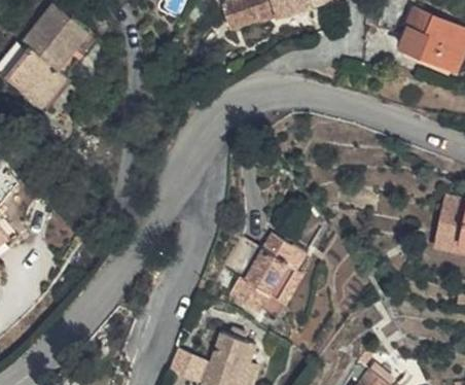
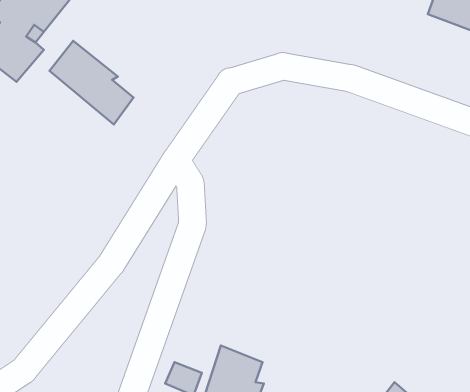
building: none -> [49,41,134,125]
building: [231,235,301,315] -> none

